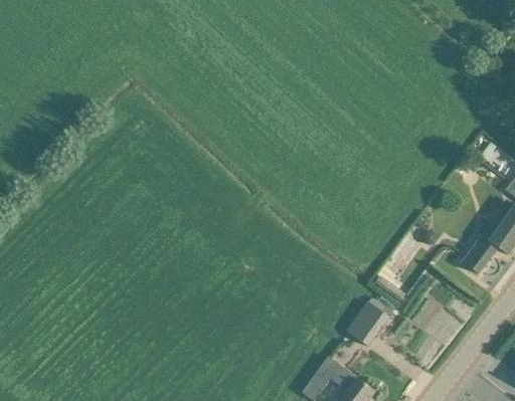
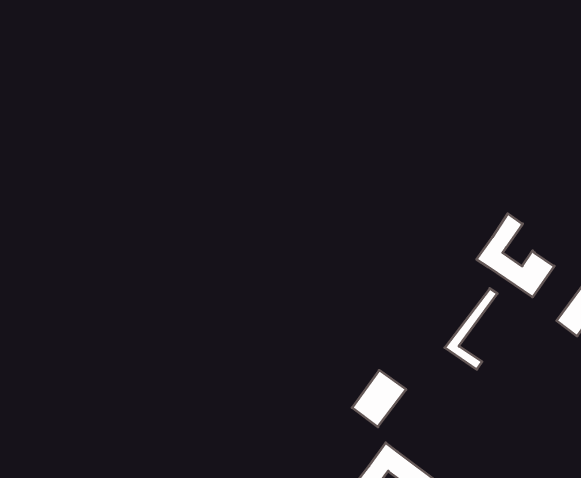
building: none -> [477,214,554,297]
building: [347,303,389,347] -> [352,370,406,427]

